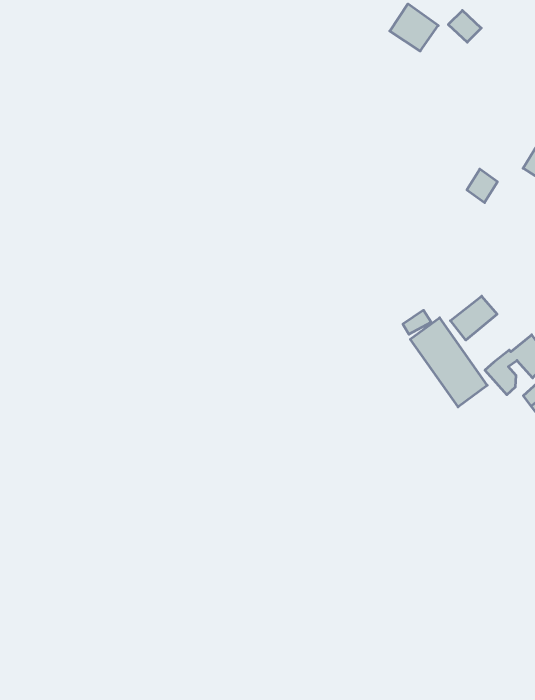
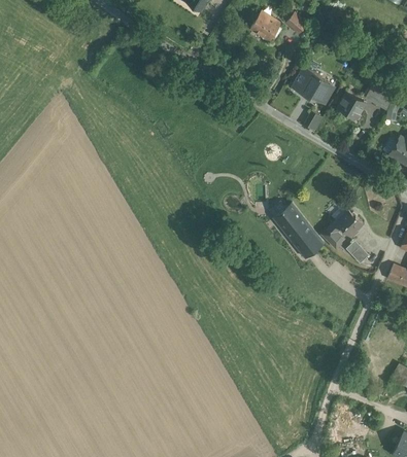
building: none -> [295,68,333,104]
building: [450,296,497,340] -> none

